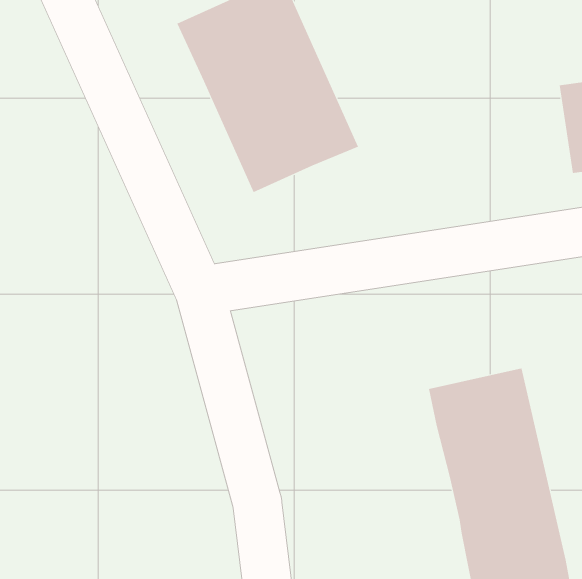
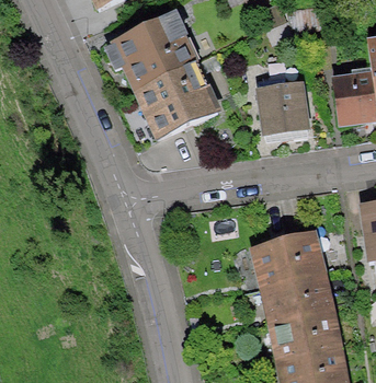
building: none -> [257,78,312,134]

